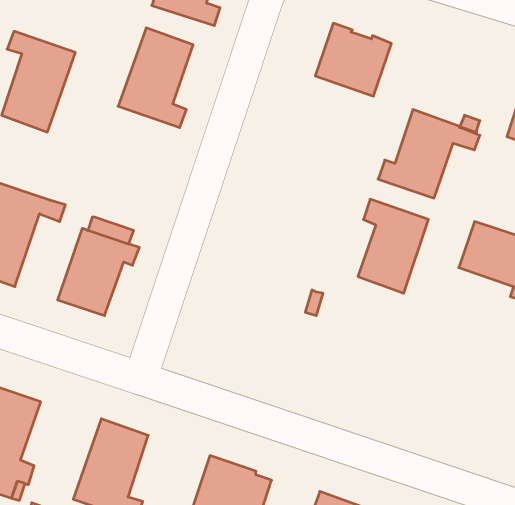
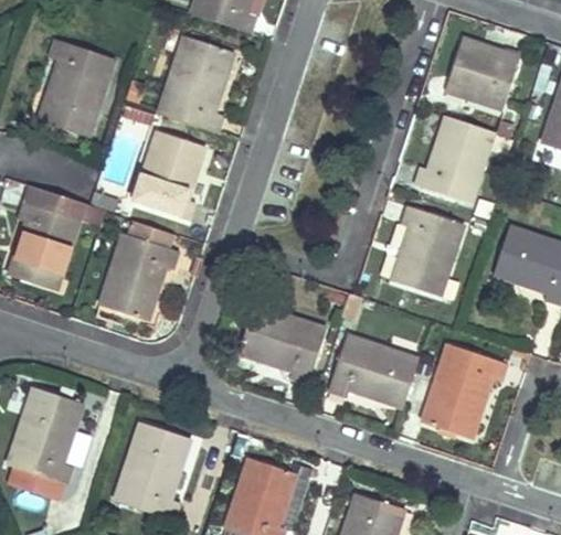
building: [315,23,391,96] -> [445,38,520,109]
building: none -> [135,130,203,221]
building: none -> [240,303,327,385]
building: none -> [328,334,419,404]
building: none -> [421,343,508,437]

